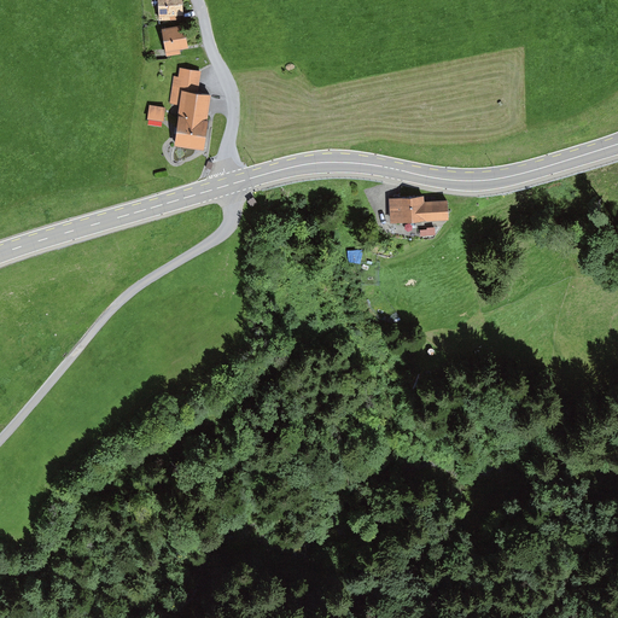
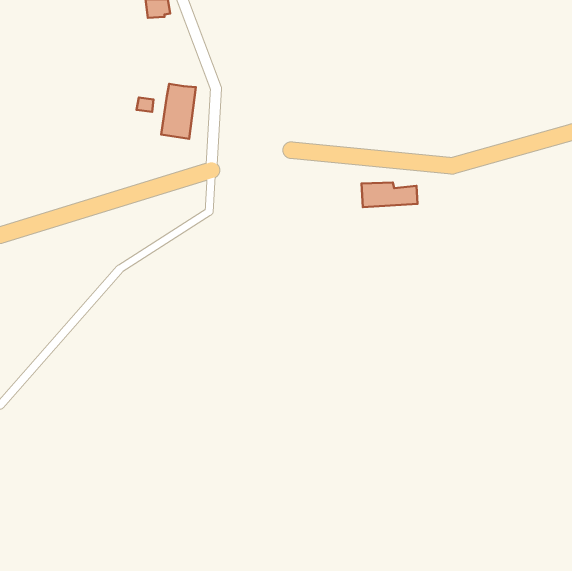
building: [162,24,187,56] -> none
building: [170,68,200,104] -> none

